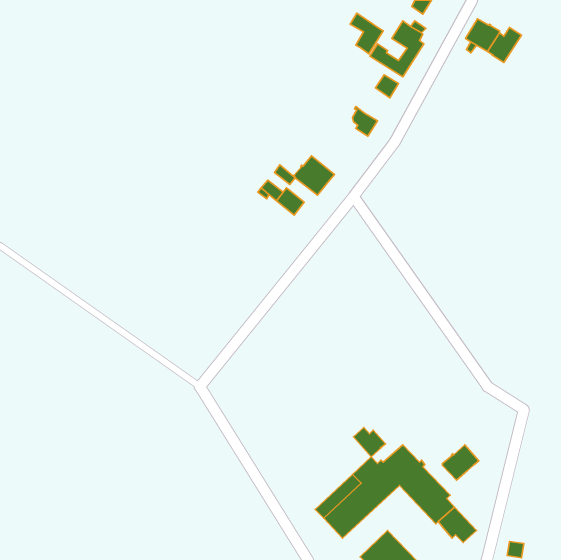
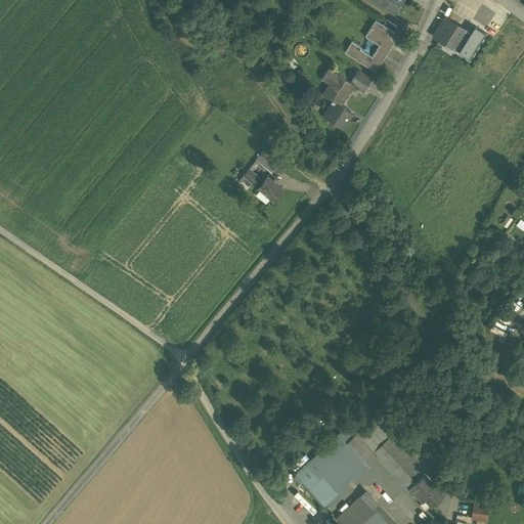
building: [350,13,383,54] -> [322,69,353,106]
building: [294,156,334,195] -> none
building: [353,428,385,457] -> none
building: [442,445,479,480] -> none

